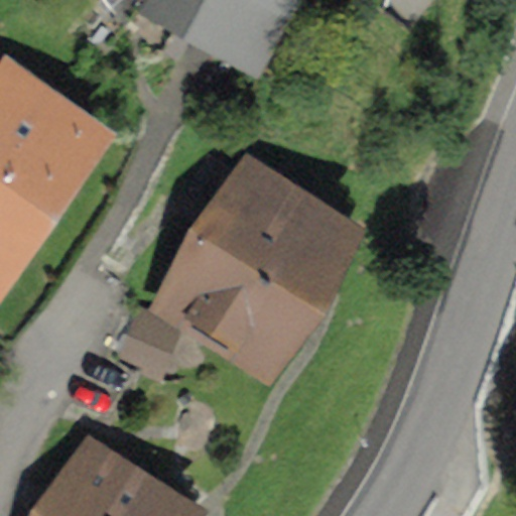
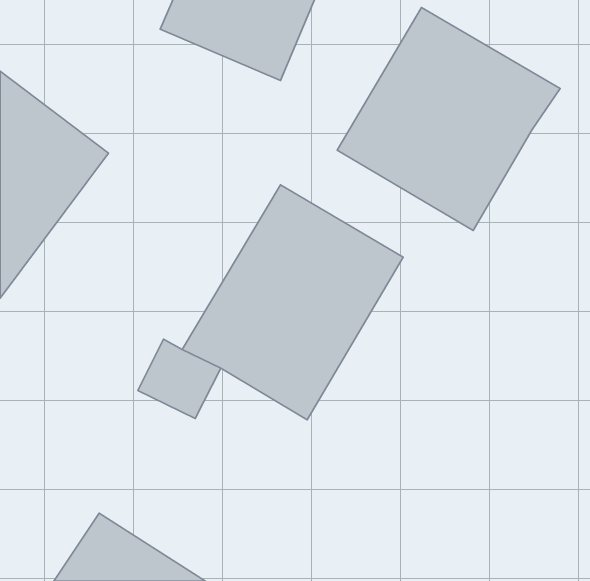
building: none -> [337,7,560,230]

